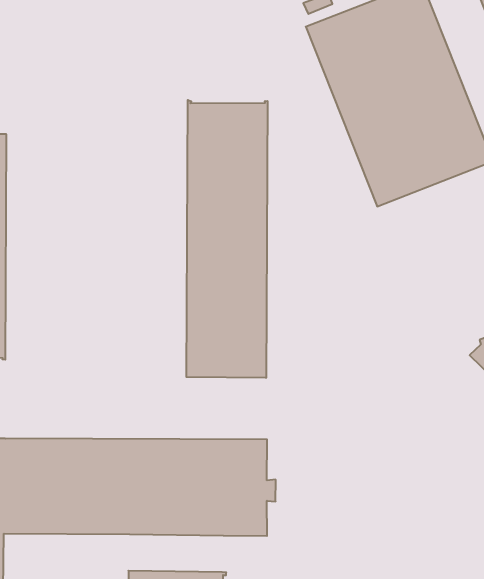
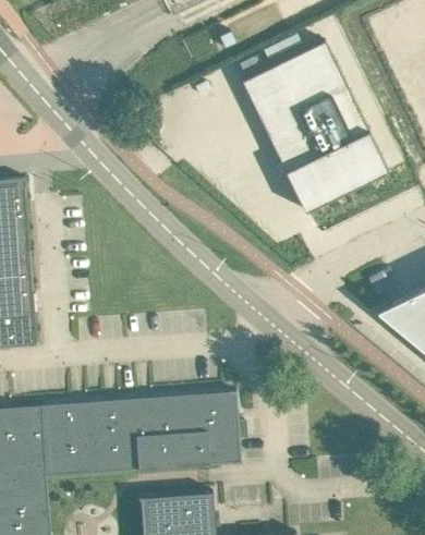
building: [186,100,267,378] -> none

